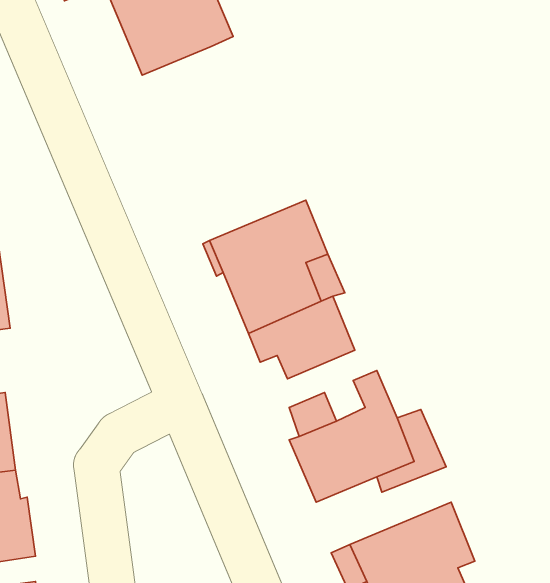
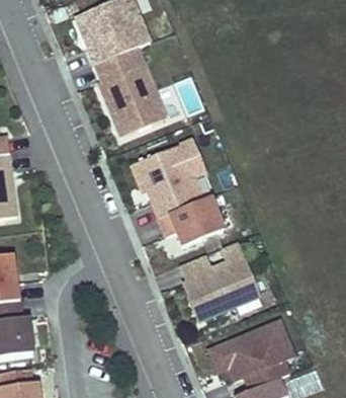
building: none -> [94,47,165,134]

